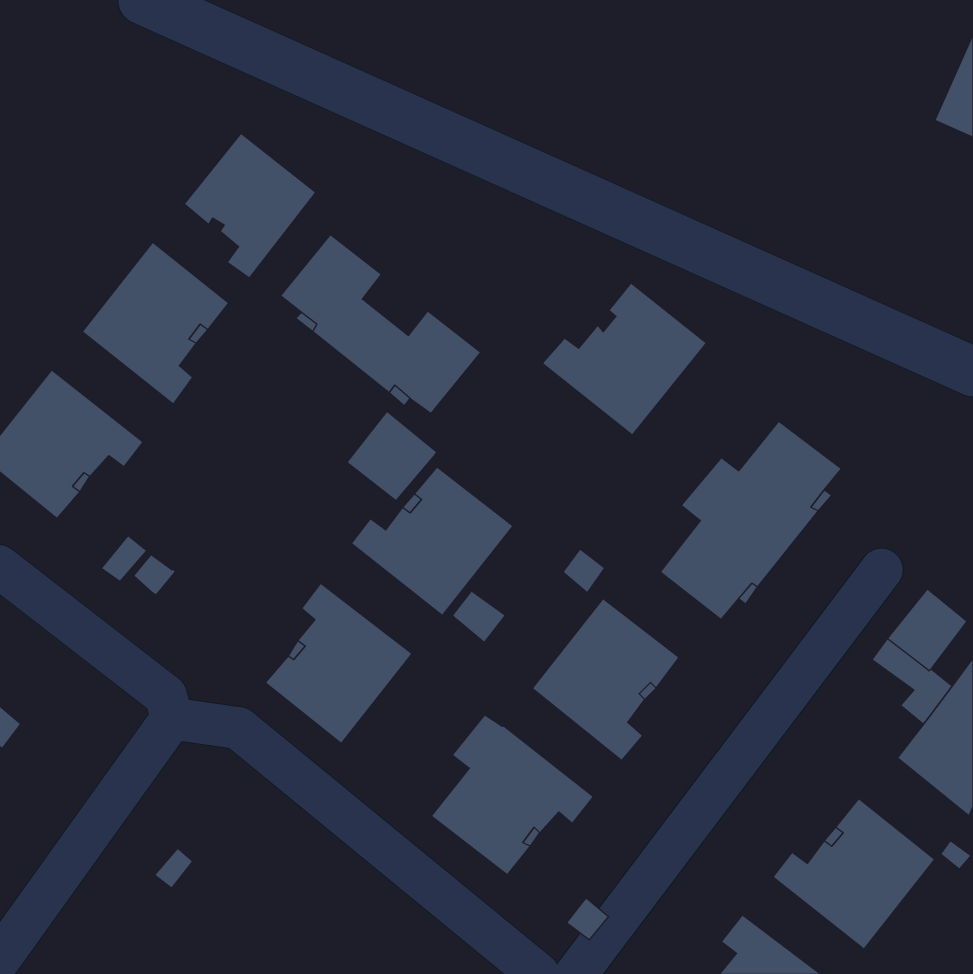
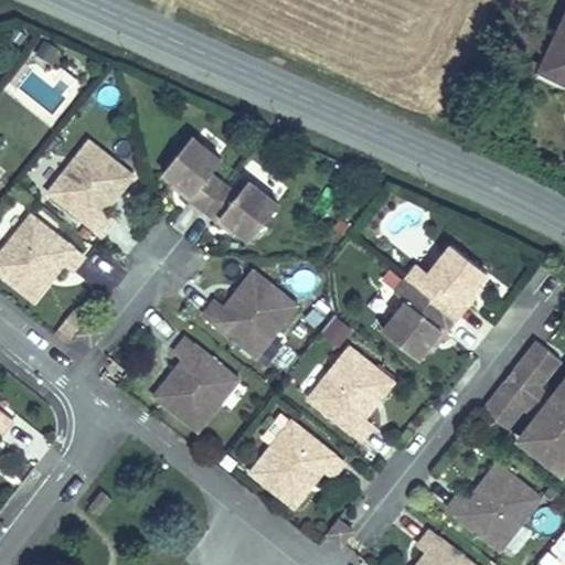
building: [184,133,316,278] -> none
building: [542,283,707,435] -> none
building: [347,411,437,501] -> none
building: none -> [482,382,529,428]

